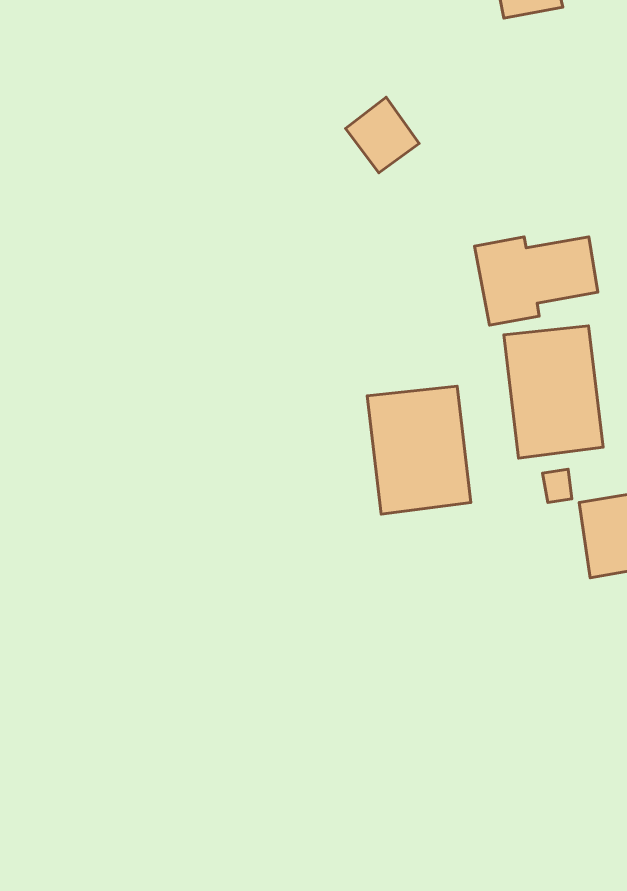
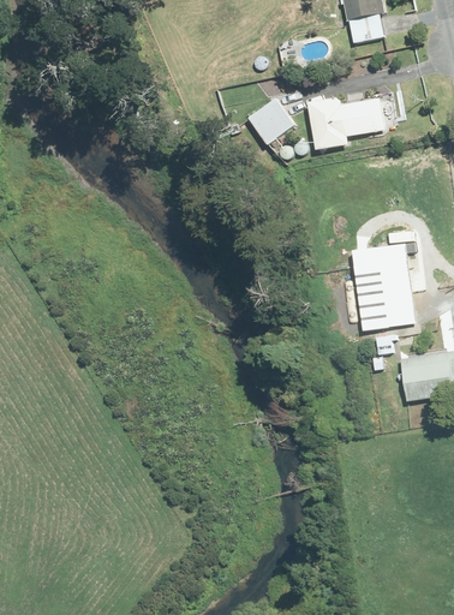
building: [475,237,598,325] -> [306,95,387,153]
building: [367,386,471,514] -> none

